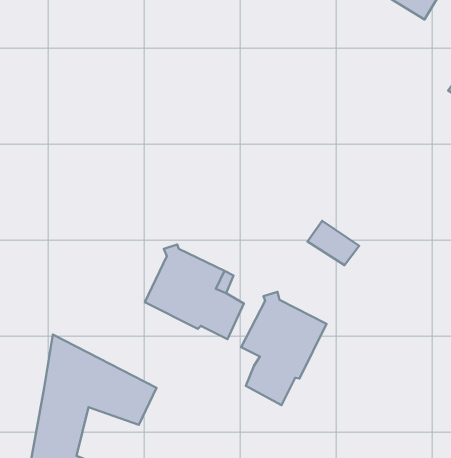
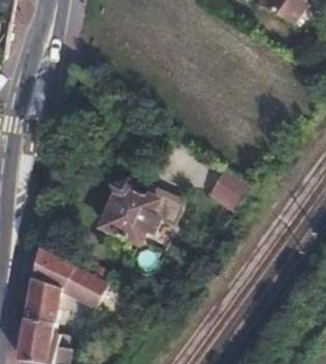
building: [241,292,327,405] -> none

